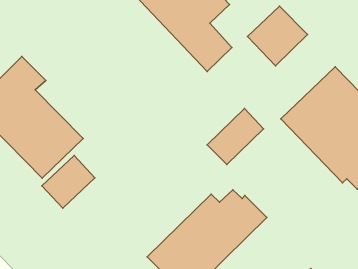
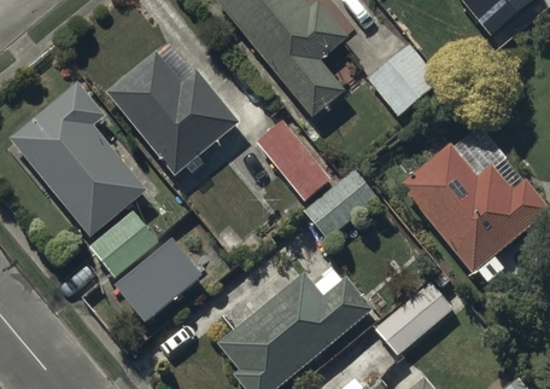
building: none -> [105,48,239,174]
building: none -> [257,118,330,201]
building: none -> [117,238,203,320]
building: none -> [374,278,455,356]

